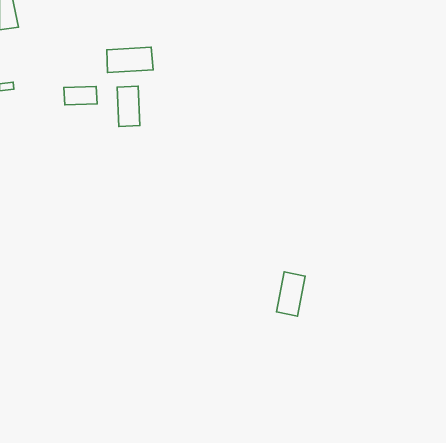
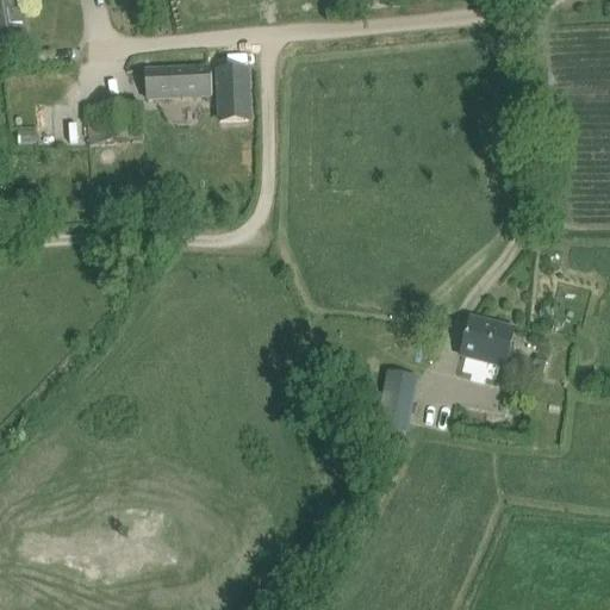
building: [117,86,140,126] -> [216,50,247,105]
building: none -> [460,318,512,363]

